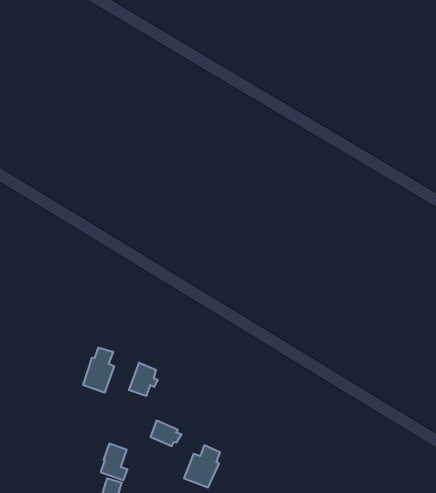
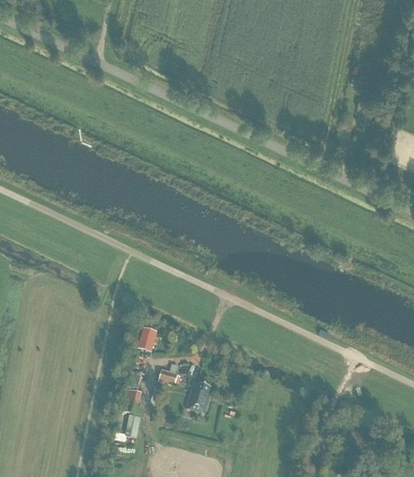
building: [83,348,114,393] -> none

